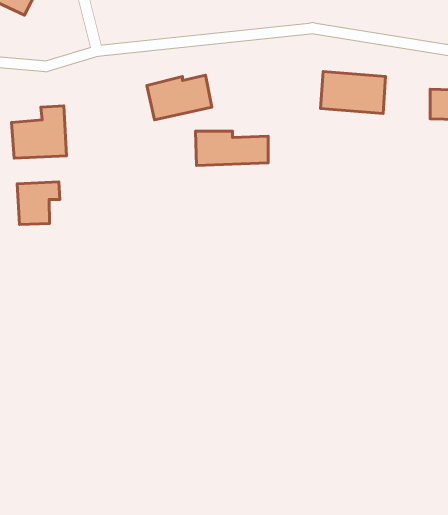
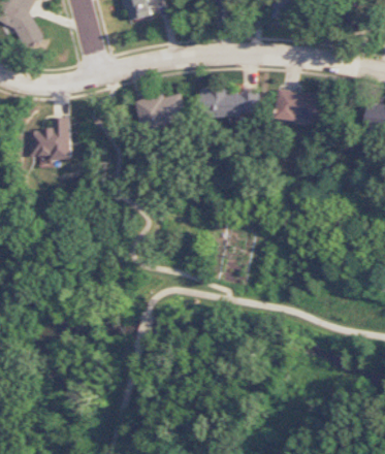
building: [195,131,268,166] -> [201,89,260,117]
building: [17,182,60,224] -> none

